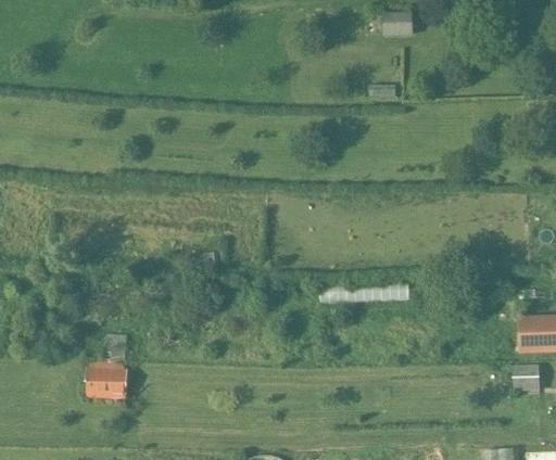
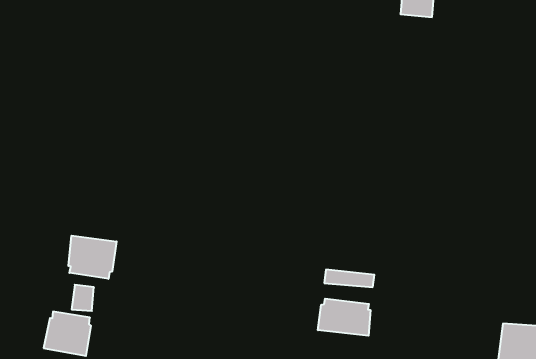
building: none -> [68,236,117,279]
building: none -> [318,299,370,336]

